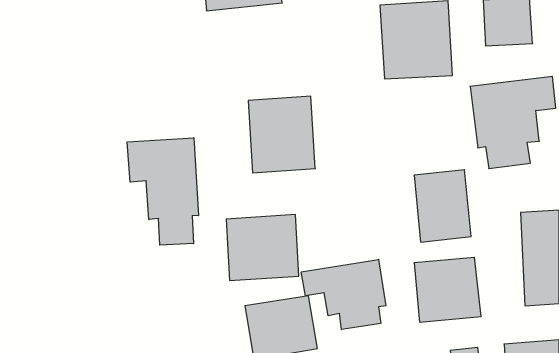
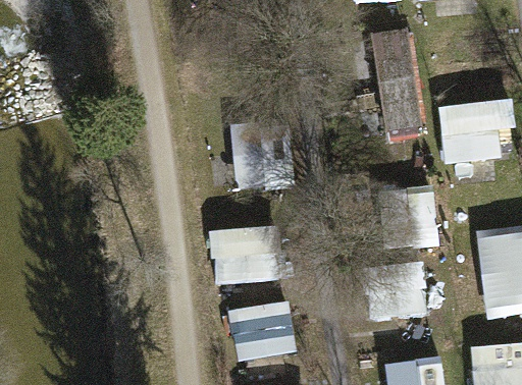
building: [127,138,199,245] -> none
building: [301,259,386,330] -> none

